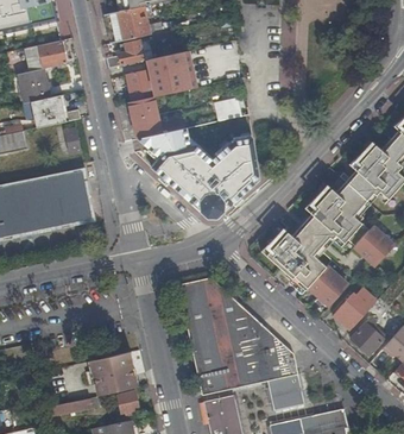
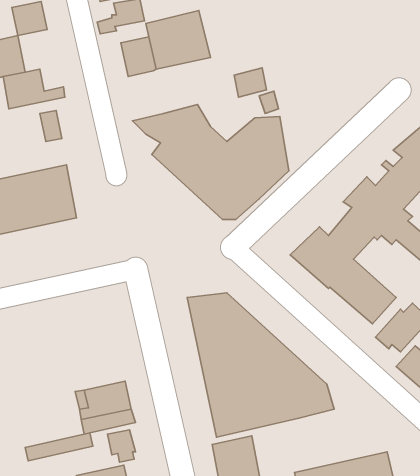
building: [128,100,162,140] -> none
building: [271,373,308,411] -> none

